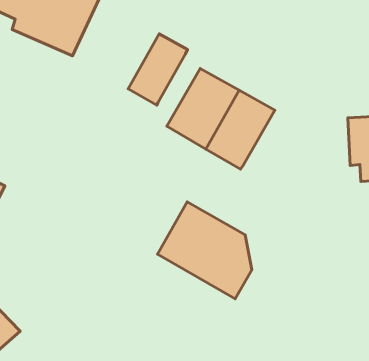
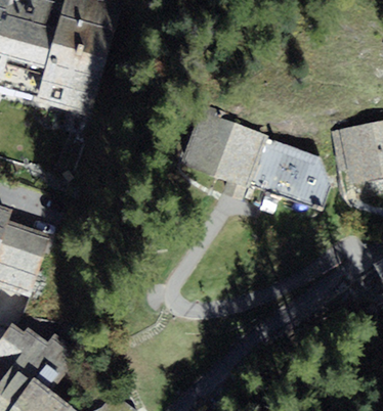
building: [128,34,187,105] -> none
building: [157,202,252,299] -> [248,136,330,212]

